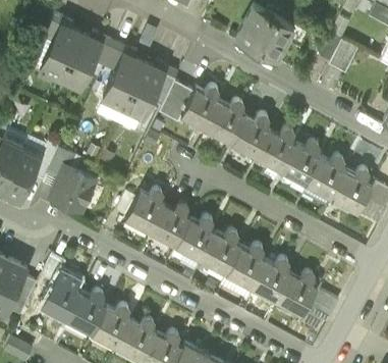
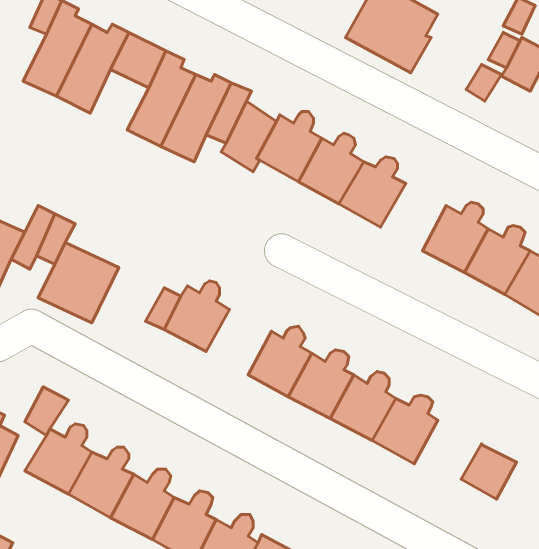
building: [257,126,296,169] -> none
building: [151,202,190,245] -> none
building: [277,269,322,313] -> none

